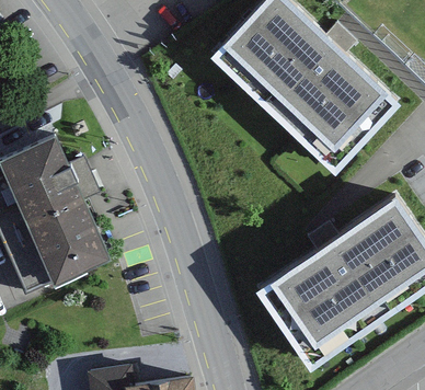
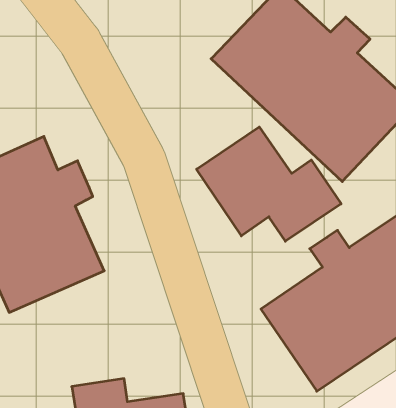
building: none -> [197,127,341,241]

